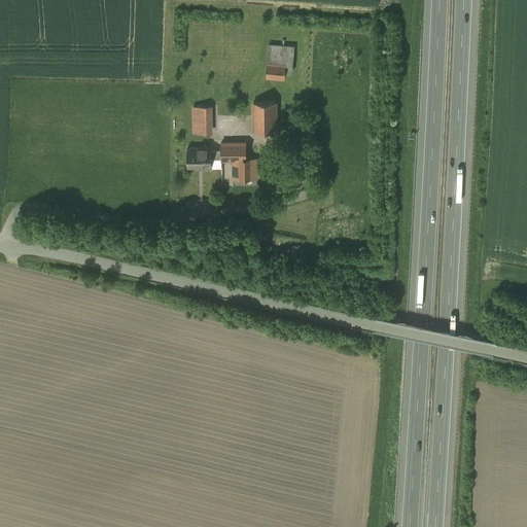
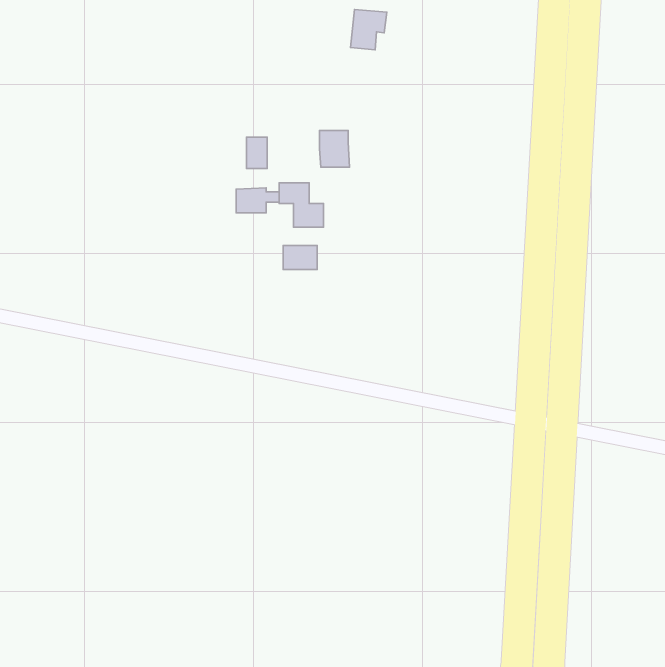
building: [265,47,293,79] -> [350,10,387,50]
building: none -> [283,246,317,270]

